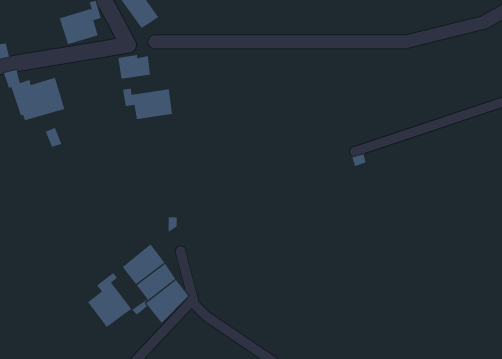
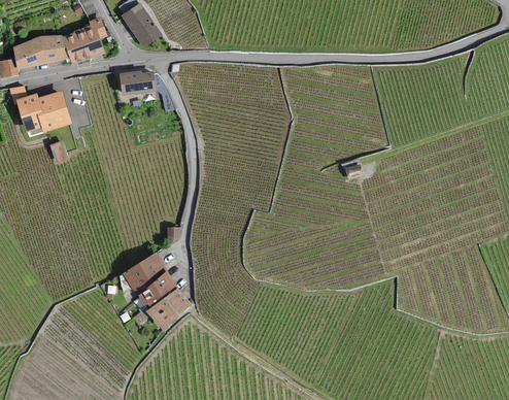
building: none -> [14,35,66,66]
building: [123,88,173,120] -> none
building: [87,272,132,328] -> none

